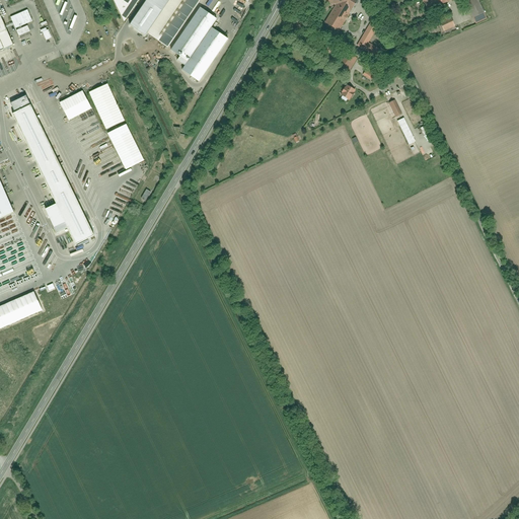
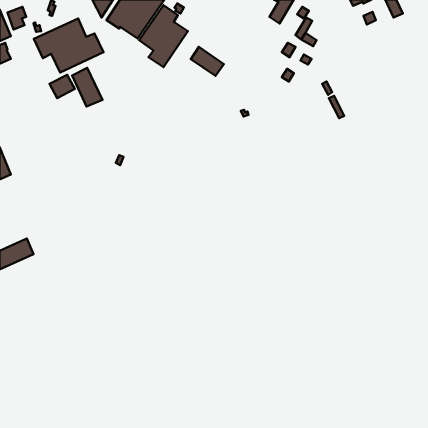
building: none -> [34,18,104,73]
building: none -> [191,47,224,76]
building: [10,95,93,243] -> none
building: [107,124,143,168] -> none

